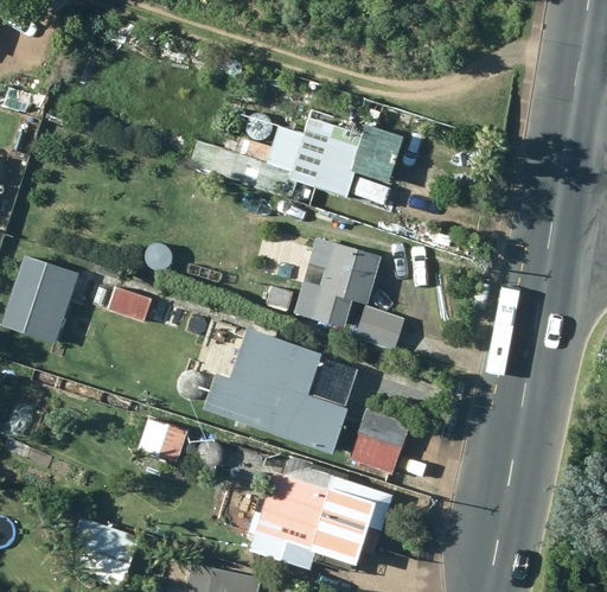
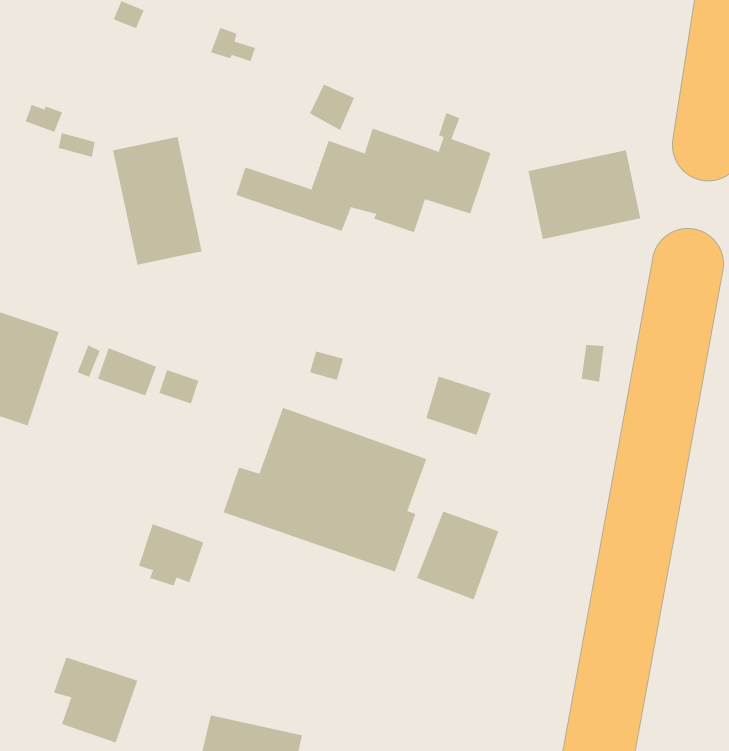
building: none -> [112,136,202,266]
building: none -> [528,150,641,240]
building: [294,236,381,327] -> none
building: [250,457,392,572] -> none

